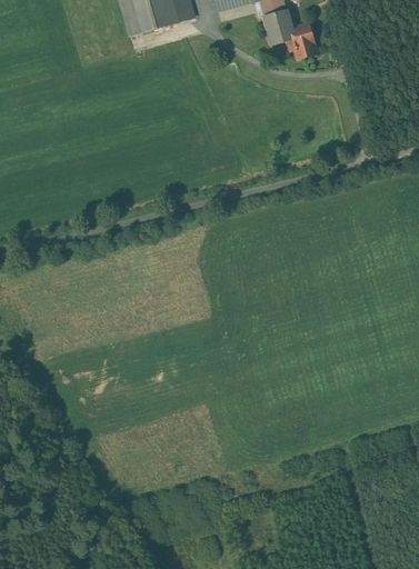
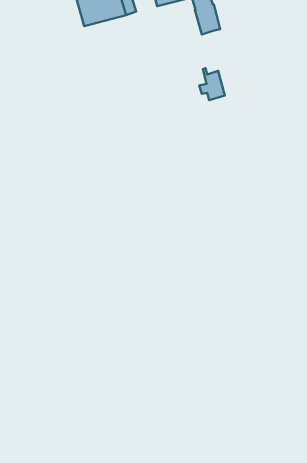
building: [285,19,316,58] -> [199,68,225,100]

